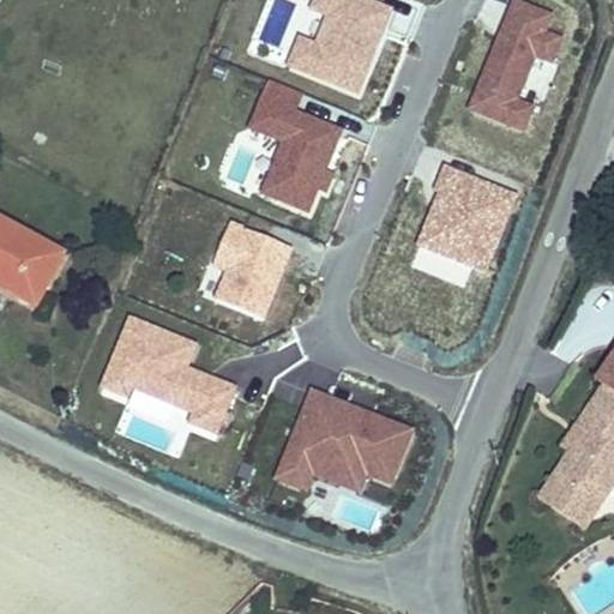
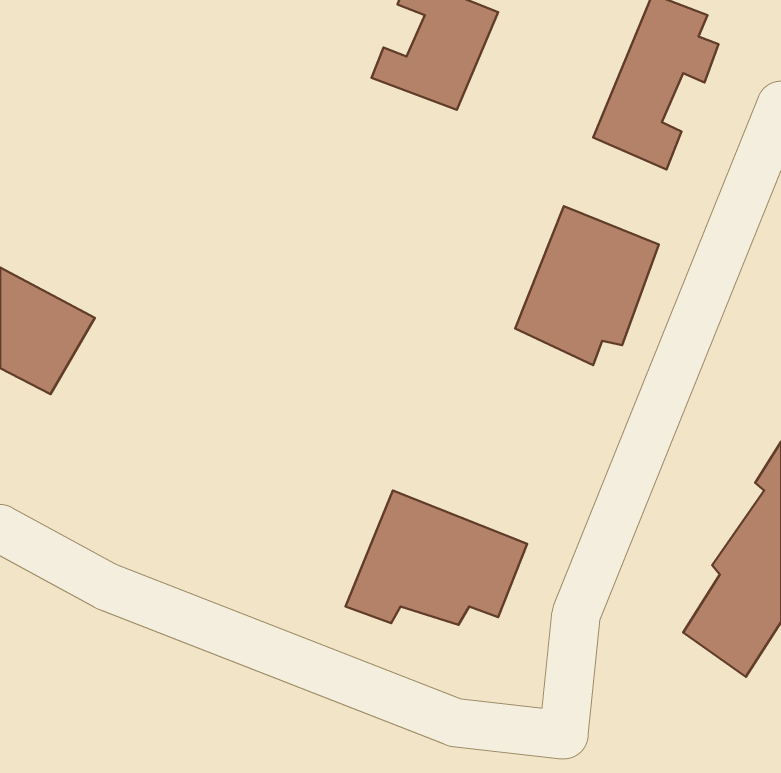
building: [249,78,343,209] -> none
building: [206,218,293,320] -> none
building: [97,314,239,437] -> none

